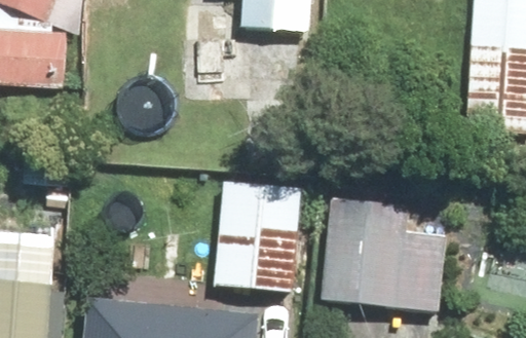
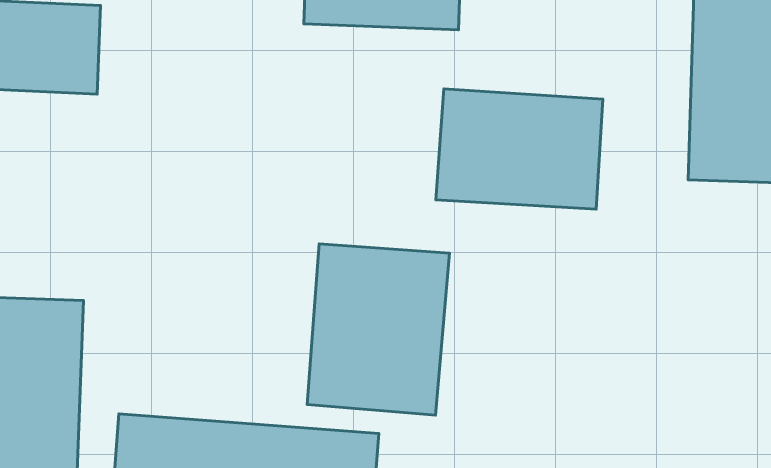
building: none -> [436,89,603,209]
building: [318,215,447,318] -> none

